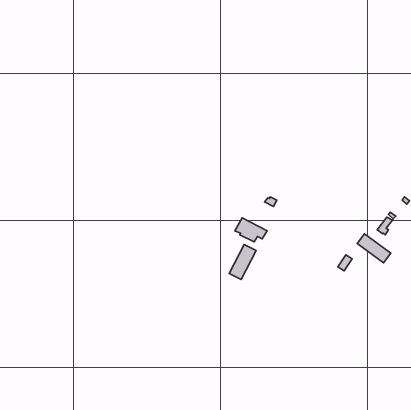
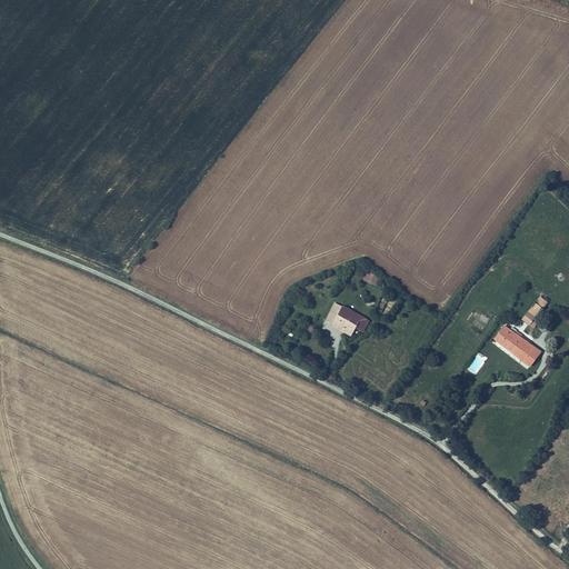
building: [229,244,256,280] -> none

